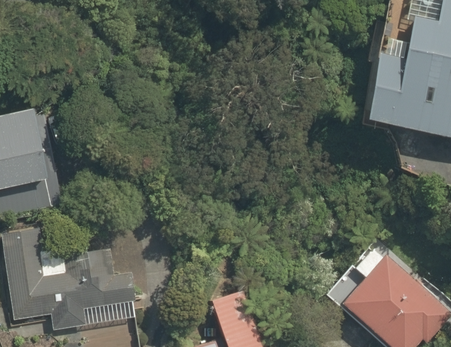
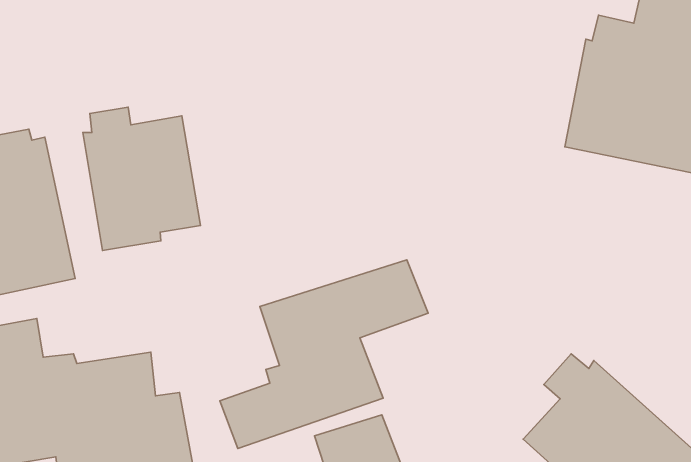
building: none -> [83,107,200,250]
building: none -> [220,260,428,448]

